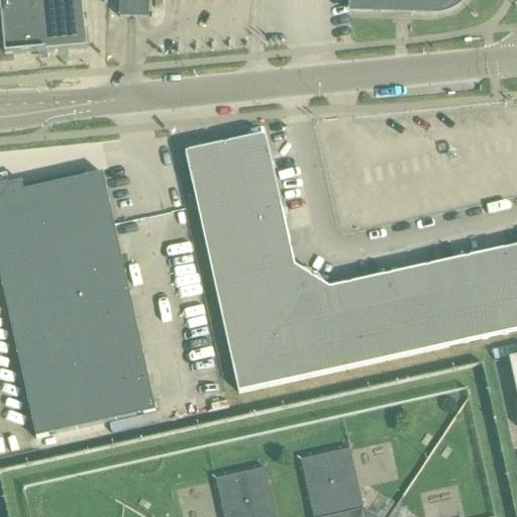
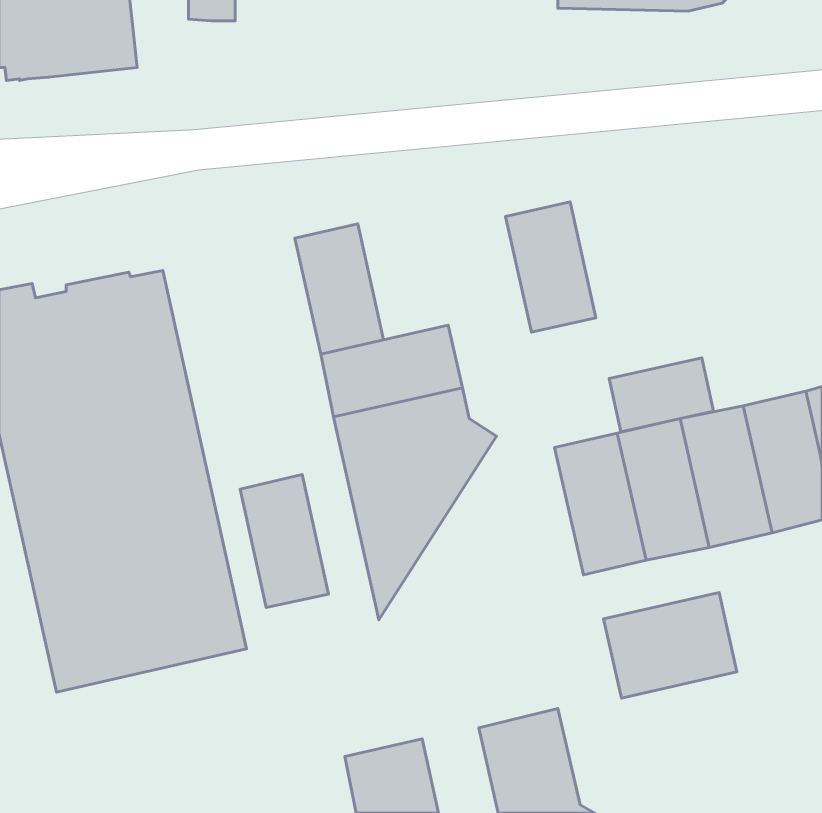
building: [224,131,281,213] -> [506,202,596,332]
building: none -> [609,358,714,432]
building: [237,274,366,389] -> none
building: none -> [240,474,329,608]
building: none -> [604,592,737,698]

